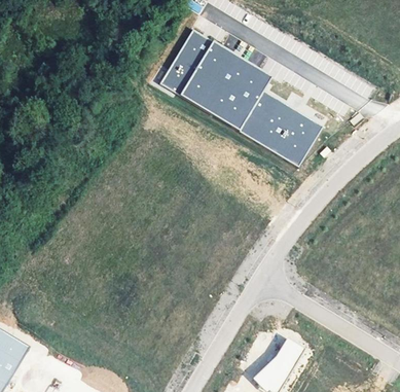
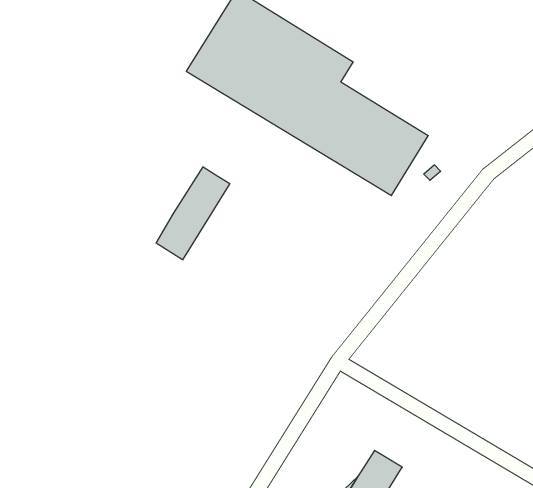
building: none -> [156,167,230,260]

